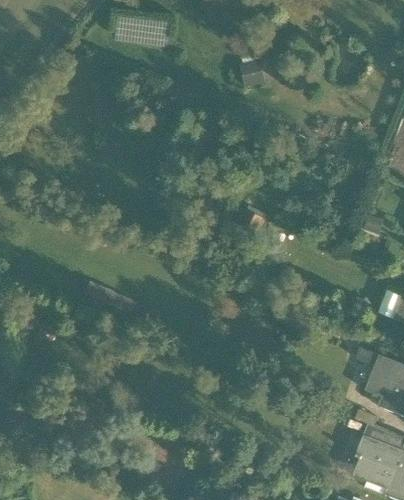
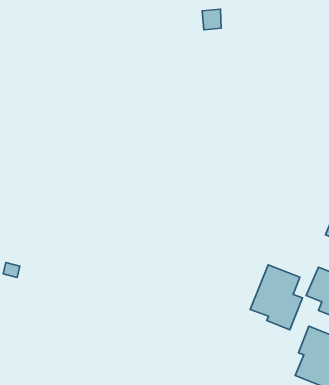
building: none -> [250,265,302,330]

